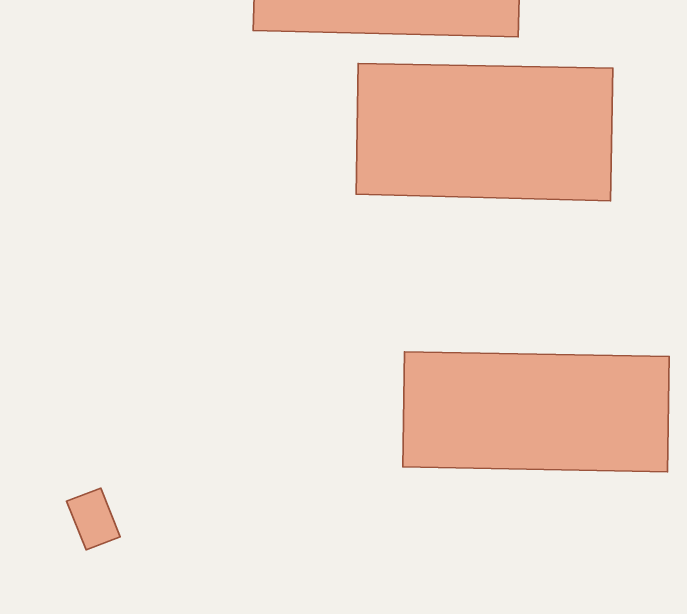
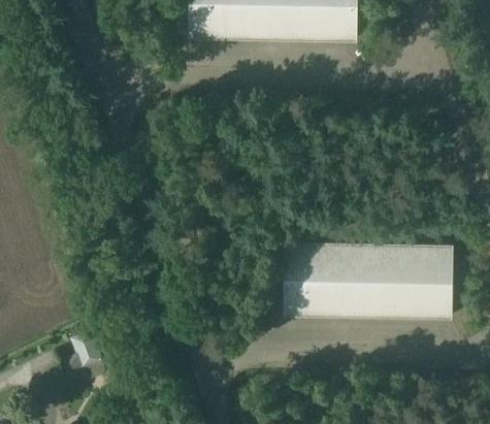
building: [356,64,613,201] -> none

